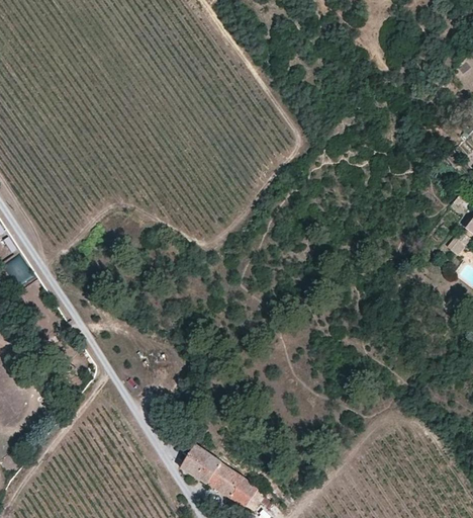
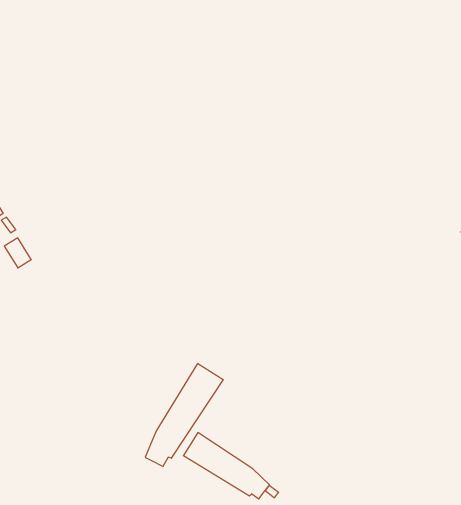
building: none -> [145,363,223,467]

